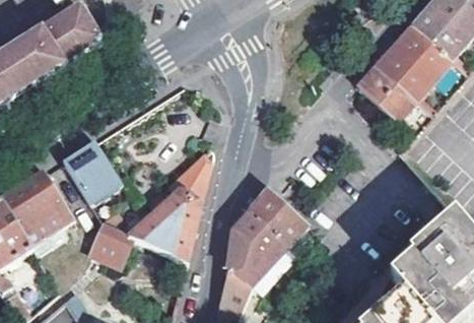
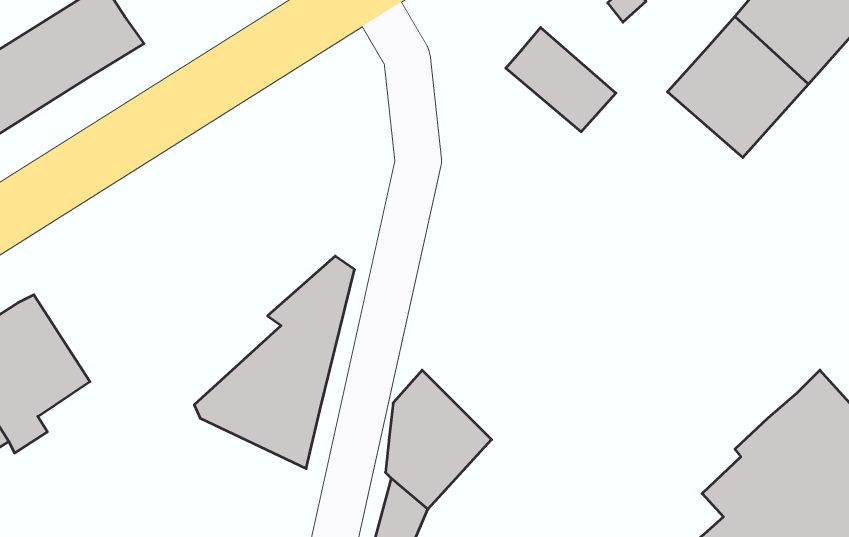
building: [358,64,416,119] -> [506,27,616,132]
building: [62,138,122,201] -> none
building: [248,187,306,247] -> none
building: [85,216,131,263] -> none

